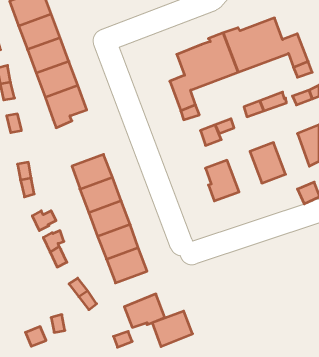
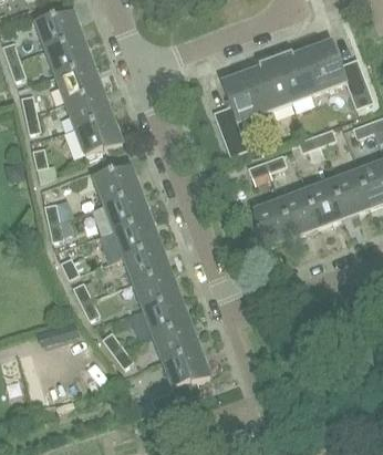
building: none -> [94,166,141,207]
building: none -> [331,170,371,216]
building: none -> [279,190,318,236]
building: [152,311,193,347] -> [154,324,199,364]

